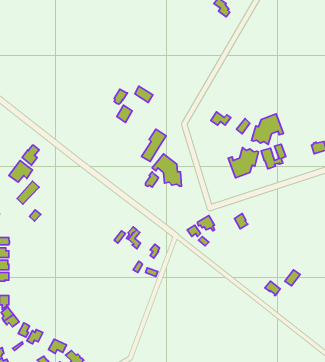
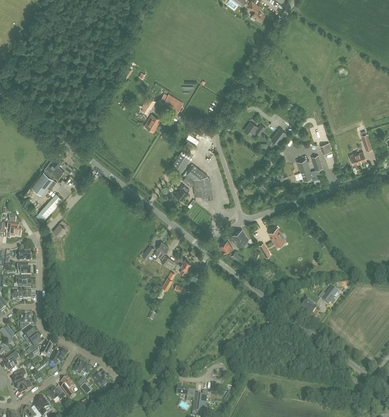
building: [251,114,284,144] -> none
building: [228,148,259,178] -> none

